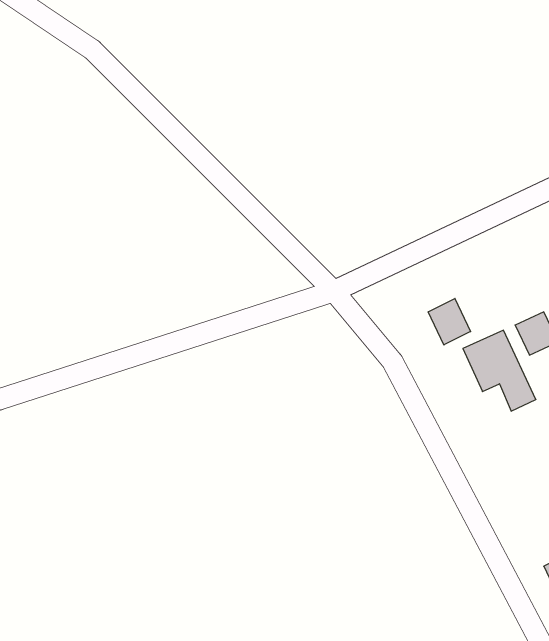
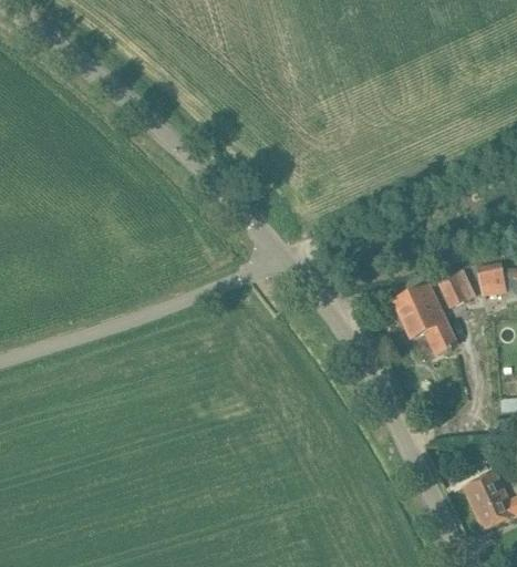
building: [428,298,471,345] -> none

